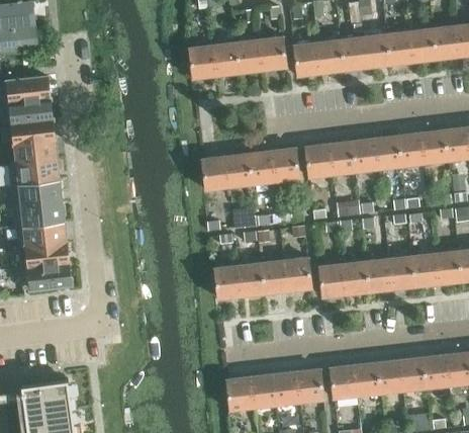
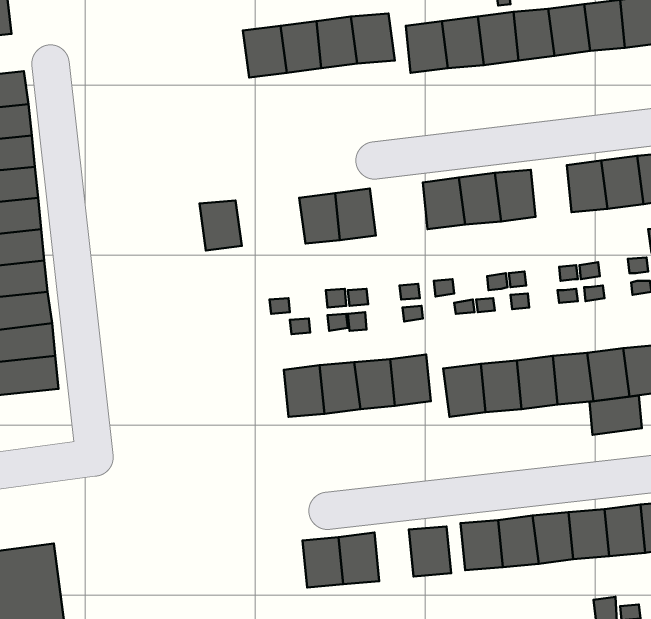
building: [375,135,401,168] -> none
building: [271,148,298,180] -> none
building: [202,156,229,188] -> [199,200,242,250]
building: none -> [590,395,642,435]
building: [274,370,299,404] -> none

